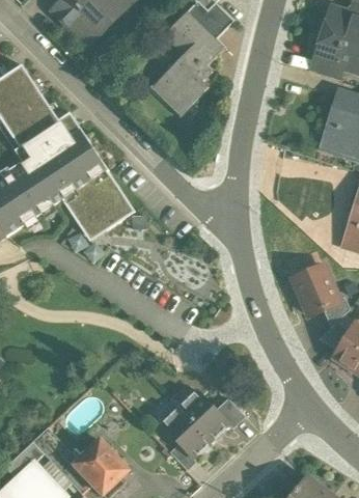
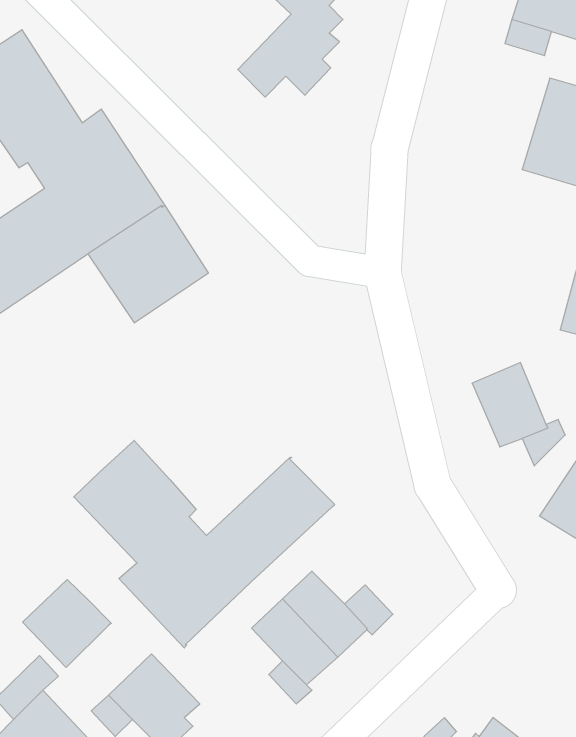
building: none -> [74,440,334,648]
building: none -> [23,580,111,667]

